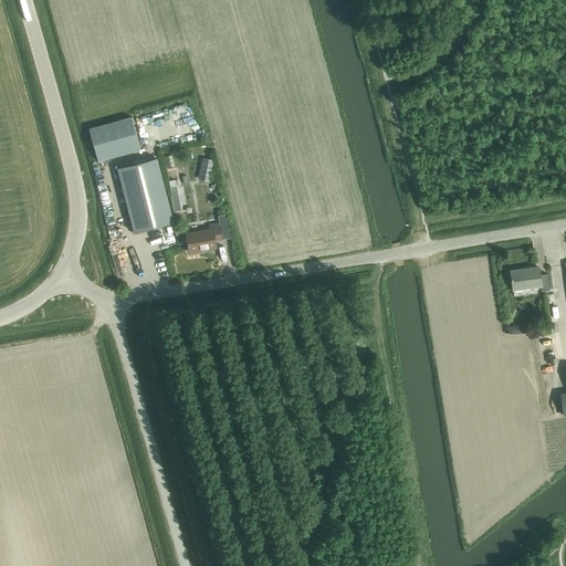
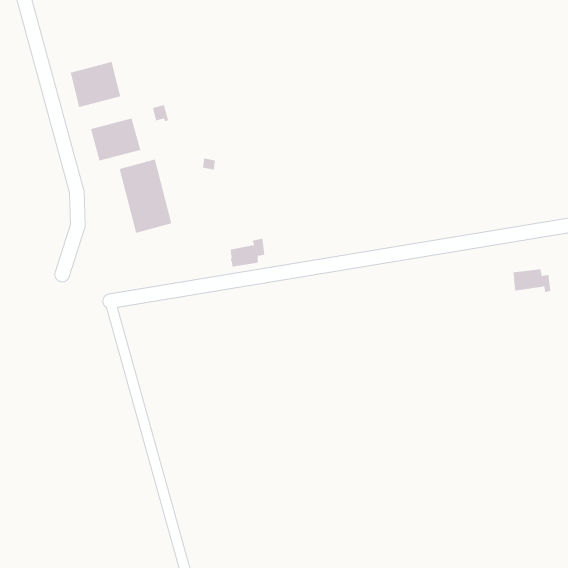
building: none -> [70,61,121,108]
building: [187,223,222,252] -> [230,238,265,267]

